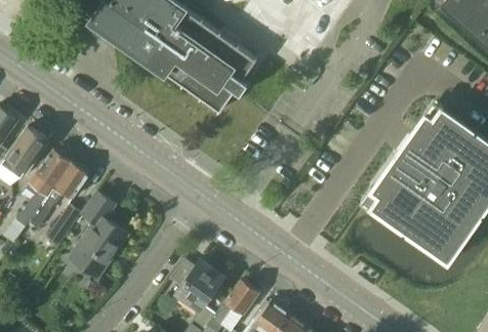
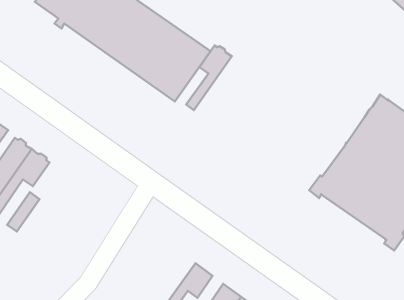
building: none -> [186,45,232,110]
building: [68,194,127,280] -> none
building: [175,260,225,312] -> none

